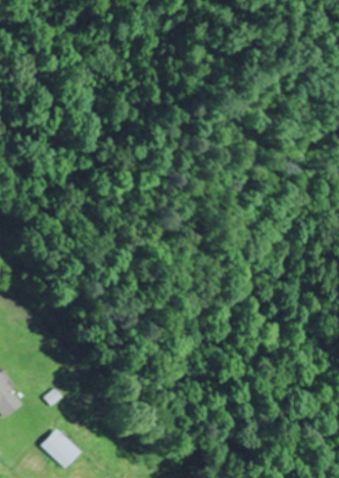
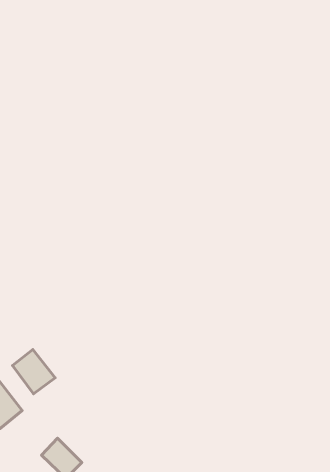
building: none -> [12,350,55,394]

